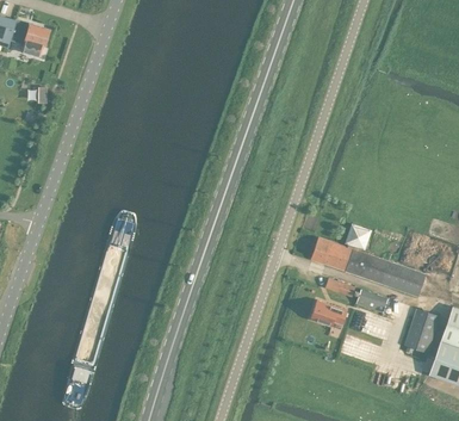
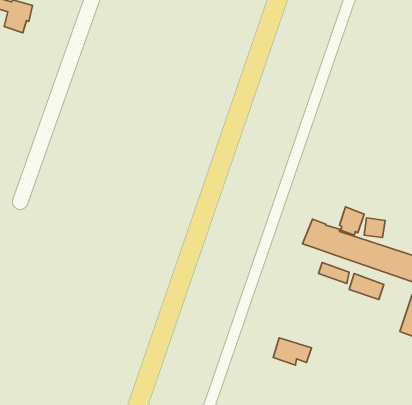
building: [309,299,346,326] -> [273,338,311,365]

